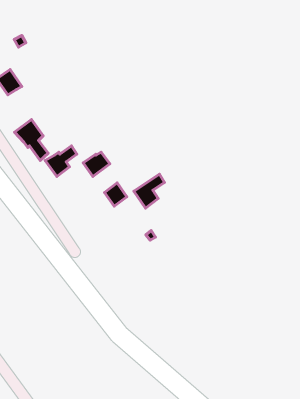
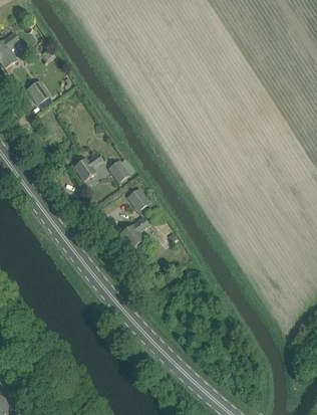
building: [15,120,48,160] -> none
building: [134,174,165,208] -> [119,217,148,249]

